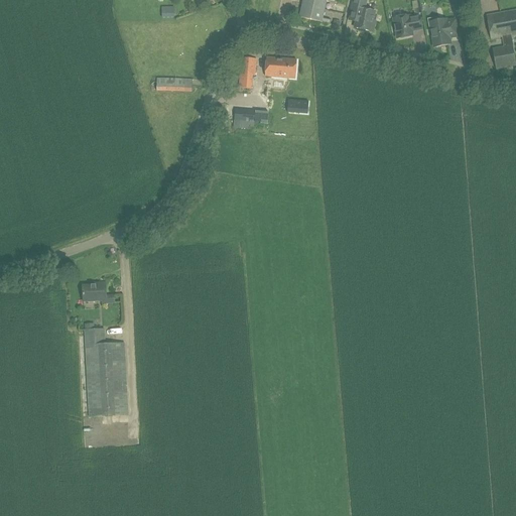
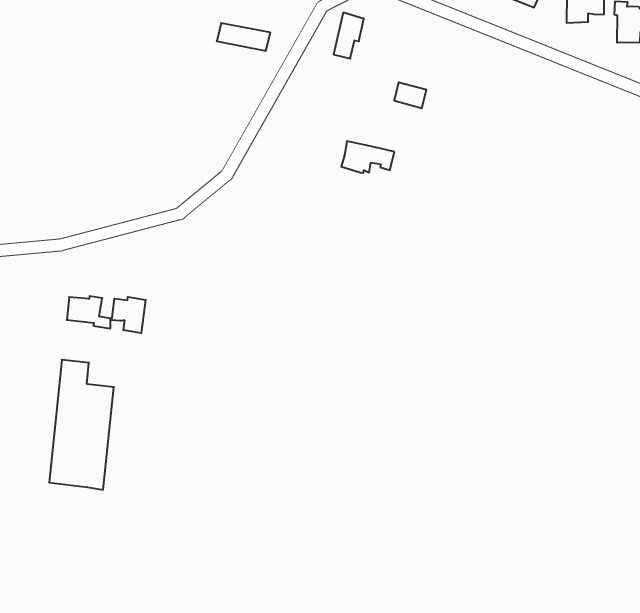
building: [264,56,296,77] -> none
building: [233,108,268,128] -> [341,141,394,173]
building: none -> [112,297,146,333]

